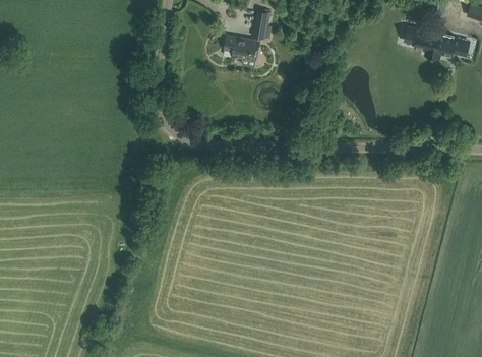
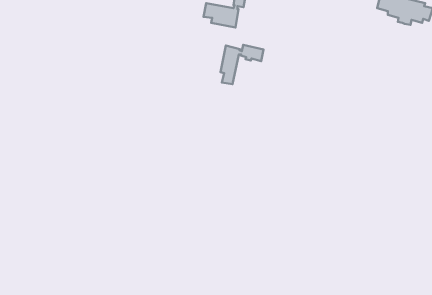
building: none -> [220,45,264,84]

